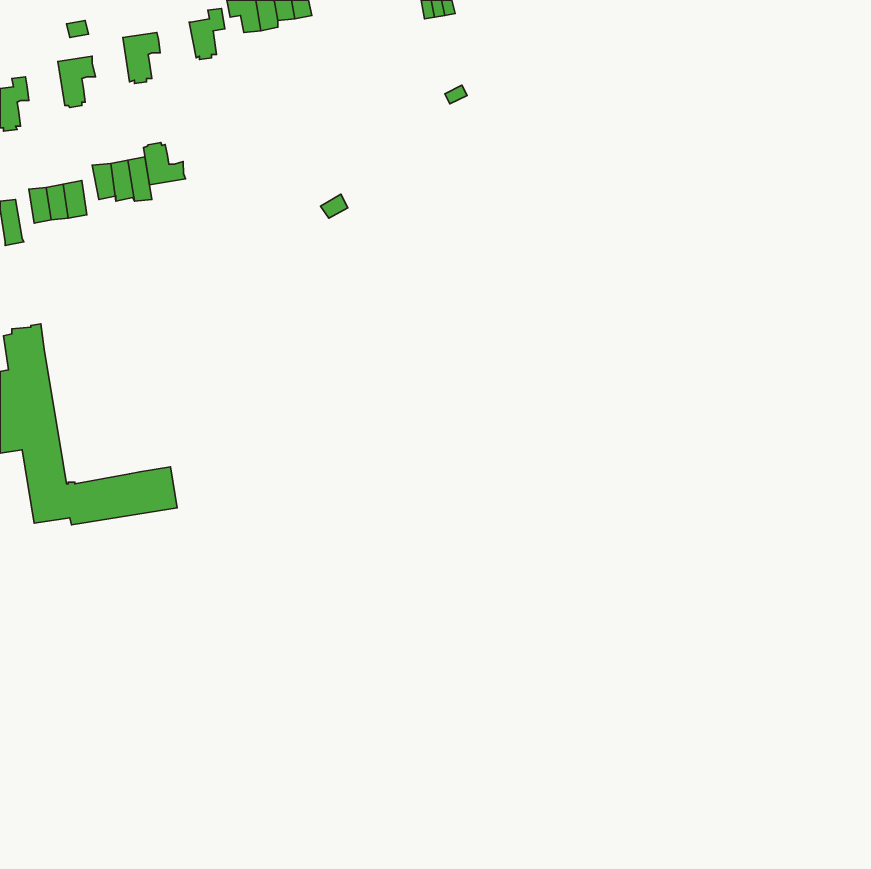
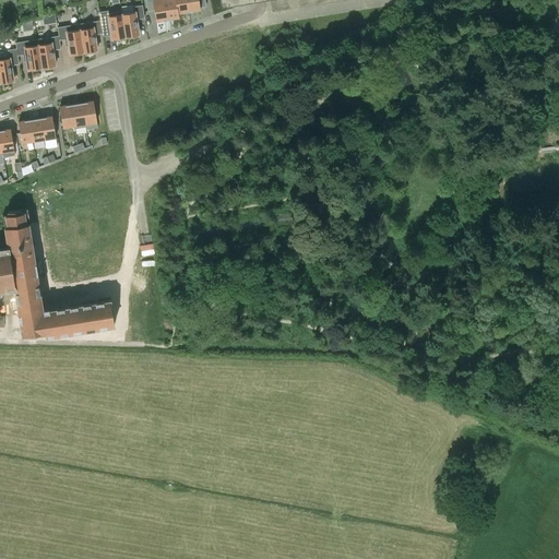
building: none -> [99,12,126,41]
building: none -> [57,25,83,57]
building: none -> [15,40,41,72]
building: [143,143,186,185] -> none

